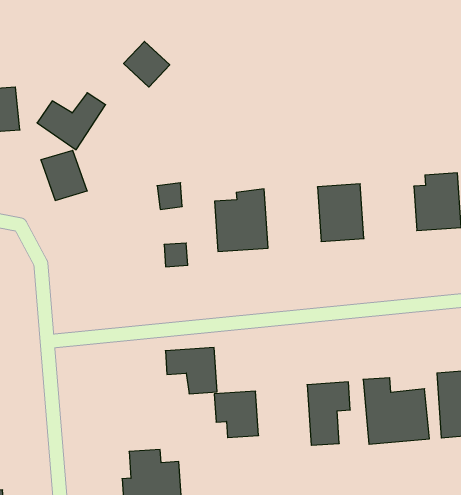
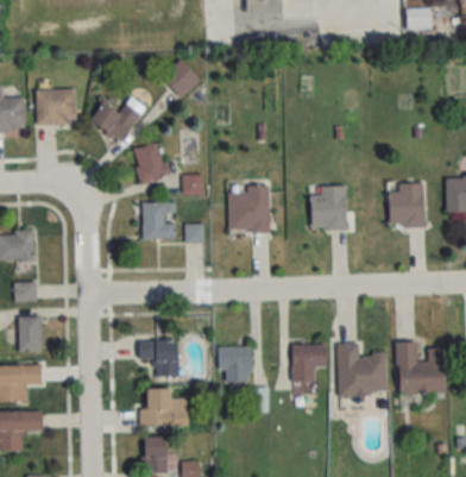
building: [41,150,87,200] -> [131,143,166,182]
building: none -> [141,202,175,239]
building: [165,348,217,394] -> [138,340,177,376]

